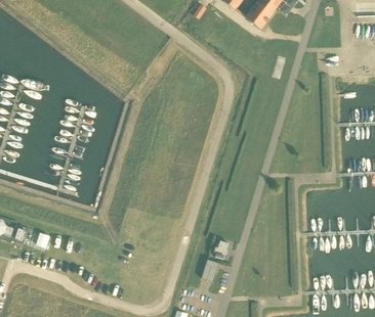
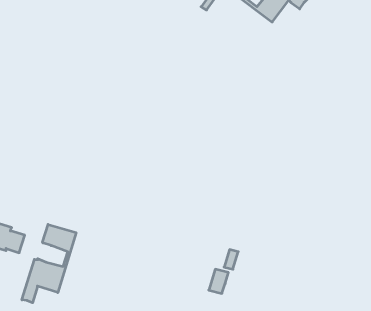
building: none -> [22,224,76,303]

